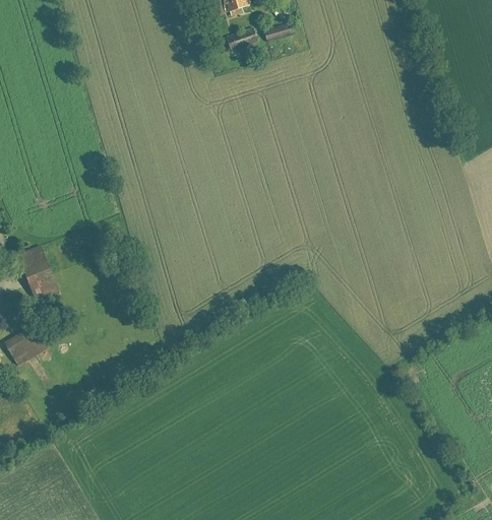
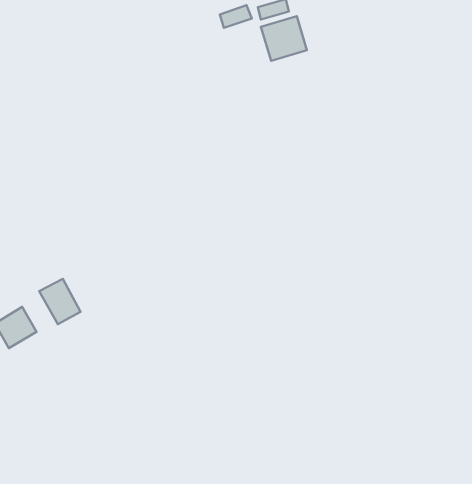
building: none -> [261,16,307,61]
building: [18,247,59,291] -> [39,279,80,324]

